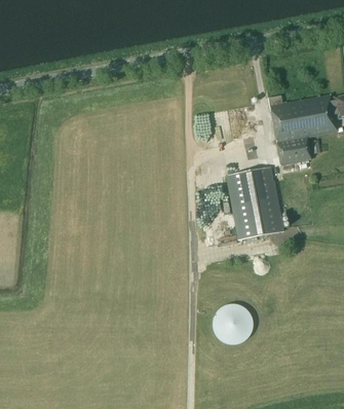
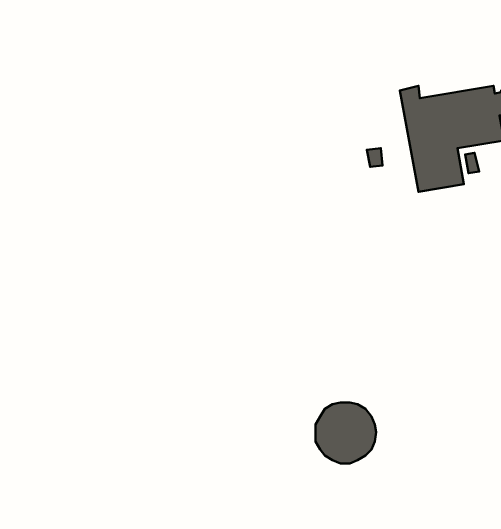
building: [227,166,282,239] -> none

